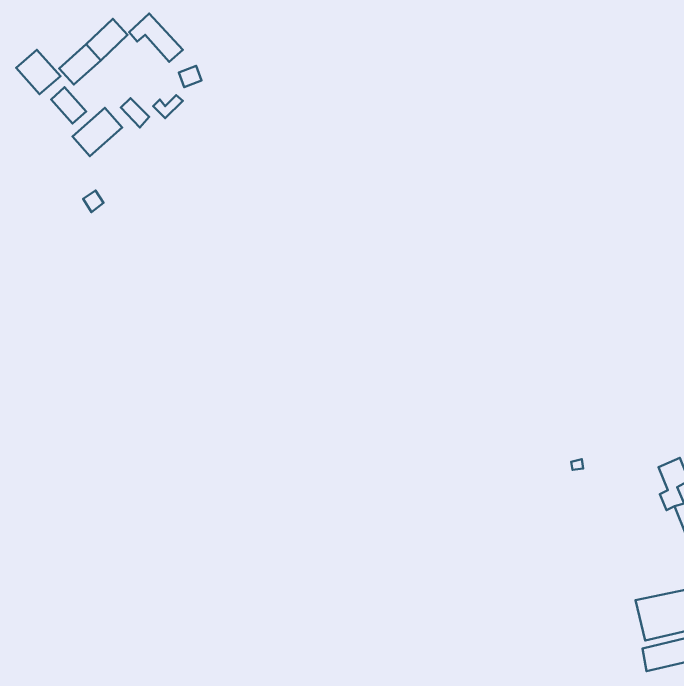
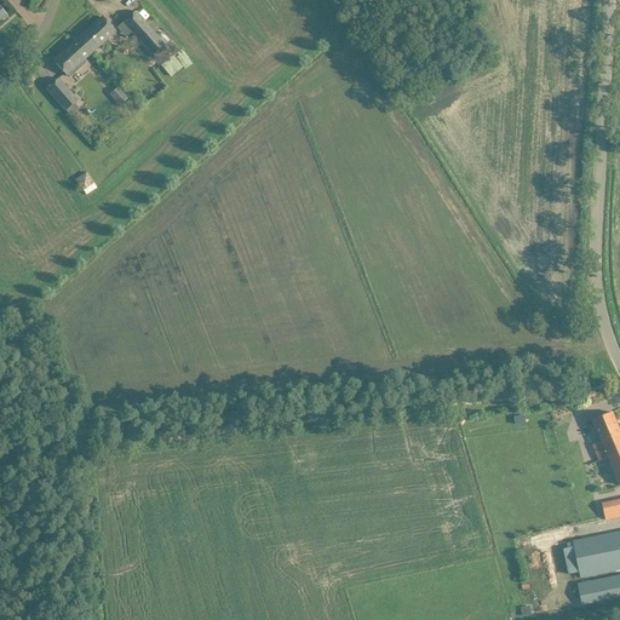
building: [16,50,60,94] -> none
building: [73,108,122,156] -> none

